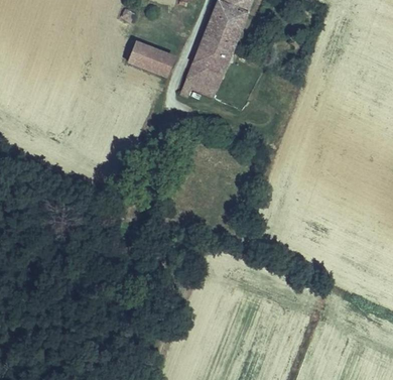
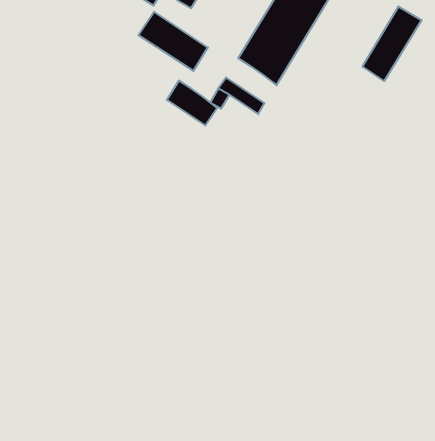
building: none -> [362,6,422,81]
building: [187,61,222,89] -> [167,81,217,126]

